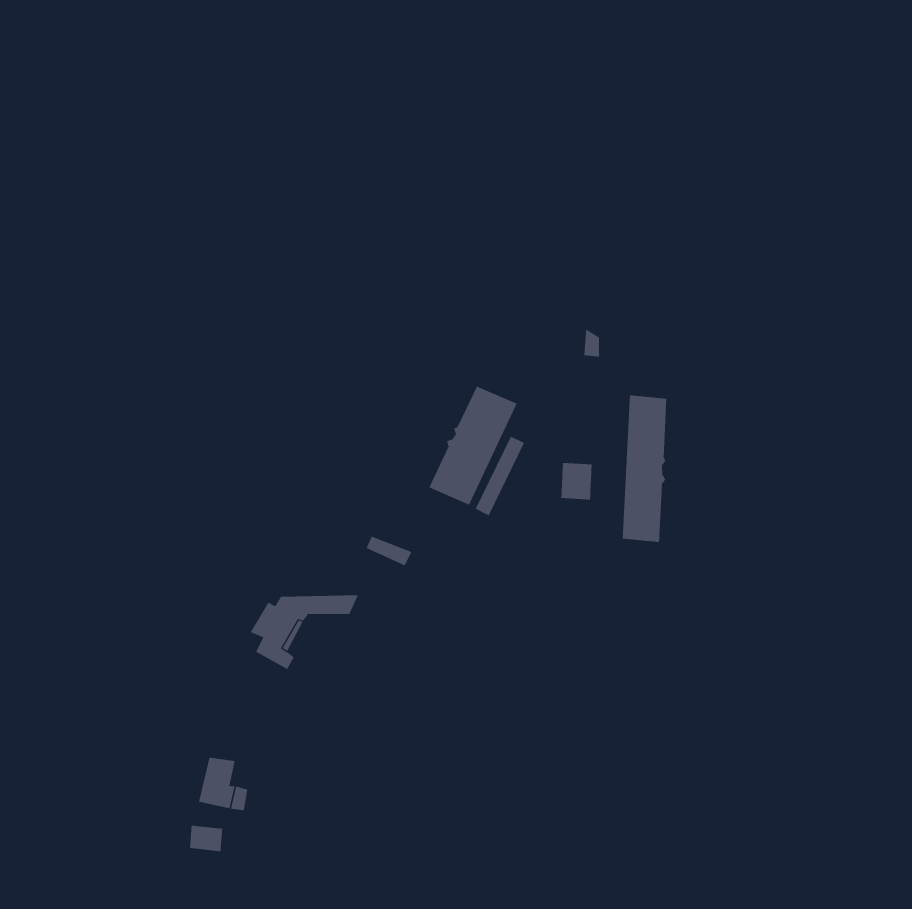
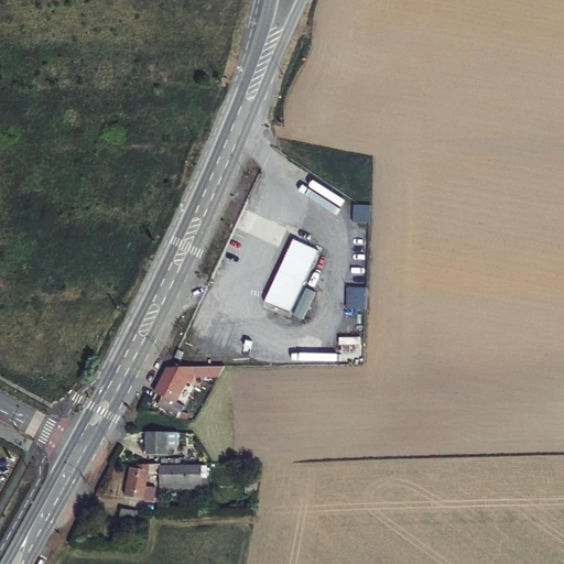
building: [622,395,667,543] -> none
building: none -> [145,430,184,452]
building: none -> [145,463,199,482]

